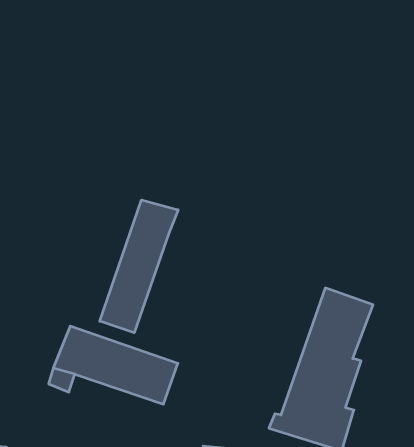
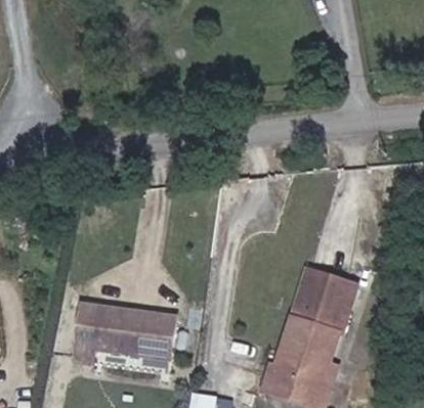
building: [100,200,178,333] -> none

